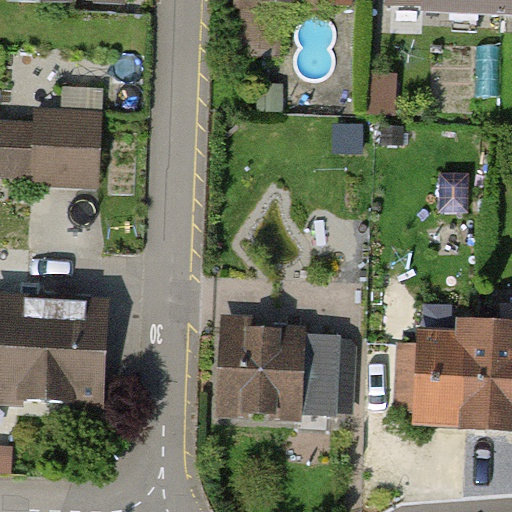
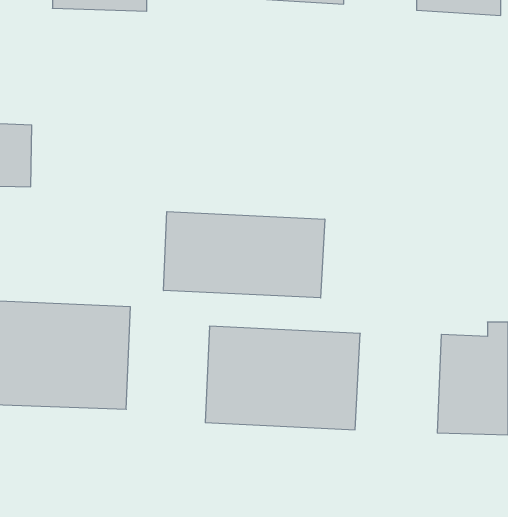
building: [30,106,109,184] -> none
building: none -> [164,212,325,298]

